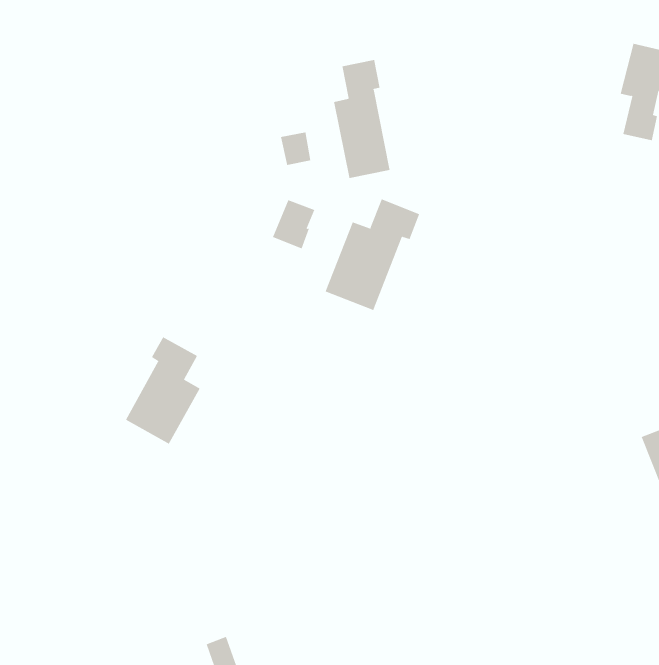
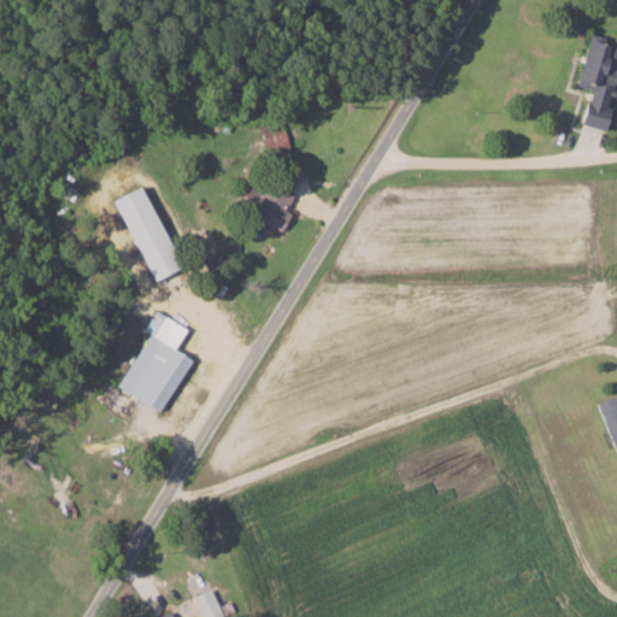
building: [334,59,390,179] -> none
building: [325,199,420,311] -> none
building: none -> [113,186,184,283]

